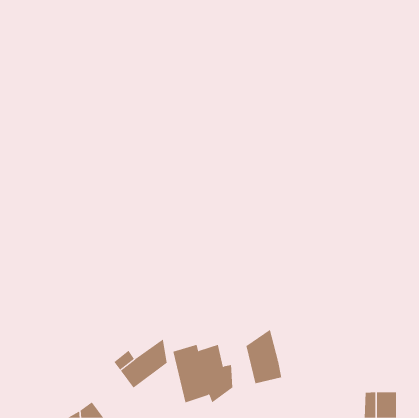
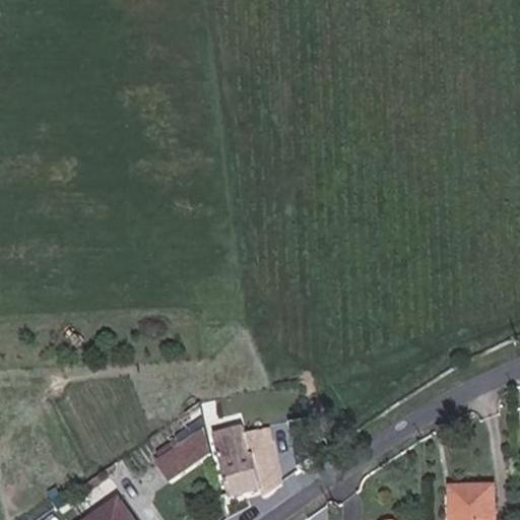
building: [246,329,282,384] -> none

